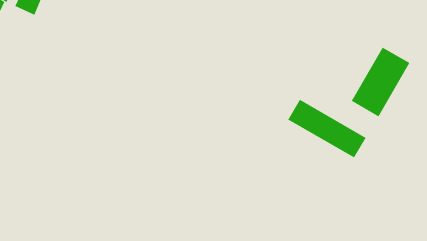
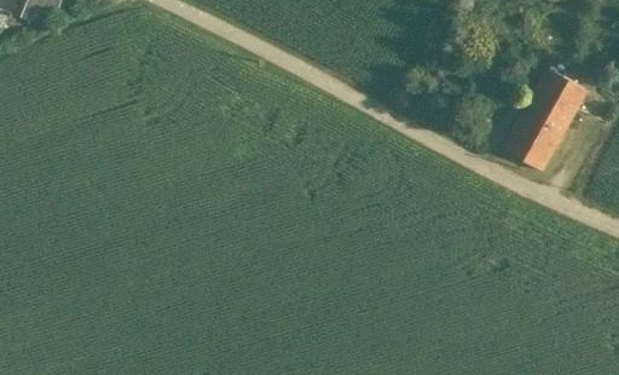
building: [288,99,366,158] -> none

